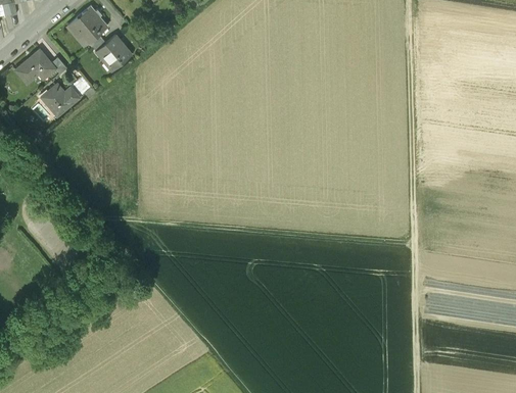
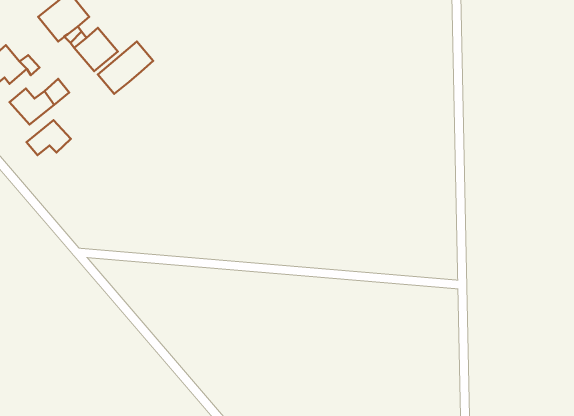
building: none -> [98,41,153,94]
building: none -> [26,120,71,155]

